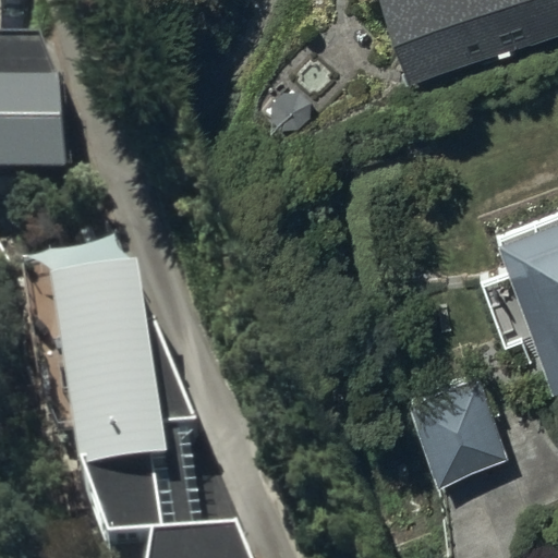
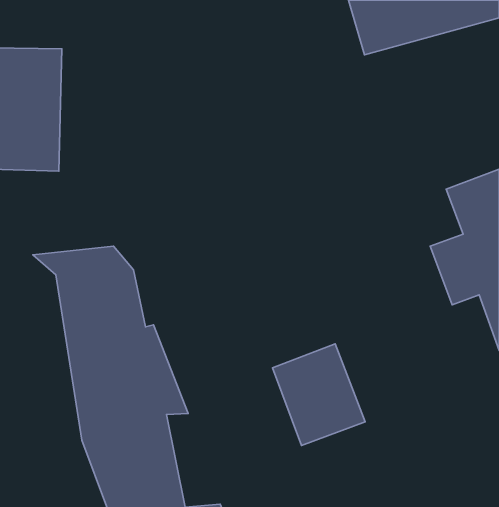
building: [397,353,498,464] -> [273,344,365,446]

